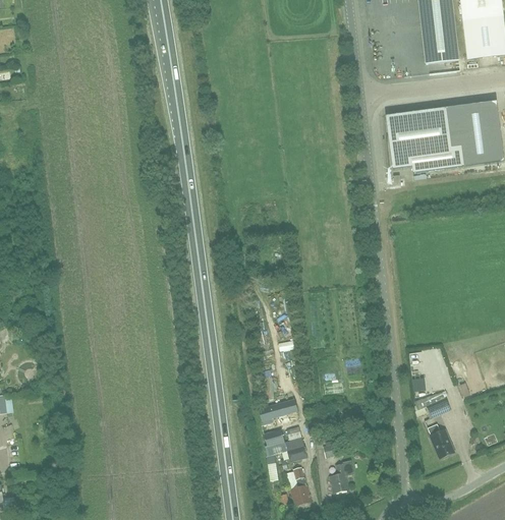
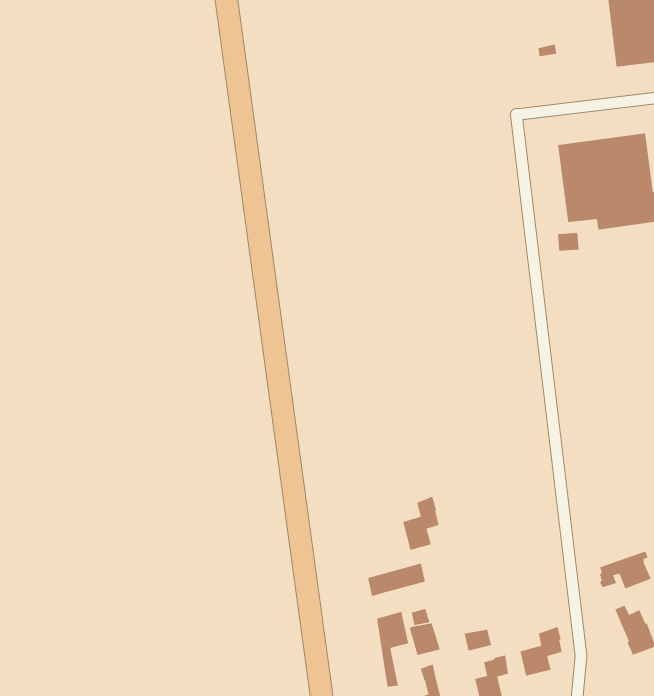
building: none -> [402,495,439,551]
building: none -> [520,626,563,677]

